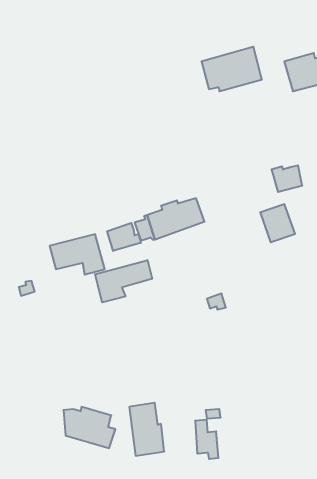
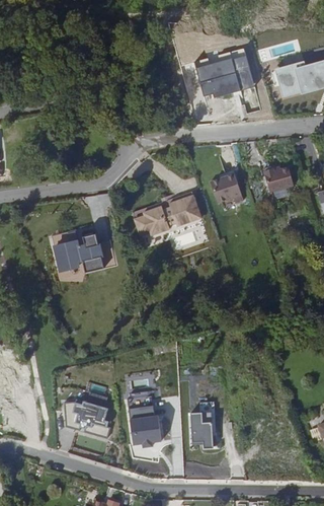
building: [260,204,295,242] -> [211,170,244,207]
building: [107,223,141,251] -> none
building: [95,260,152,302] -> none

